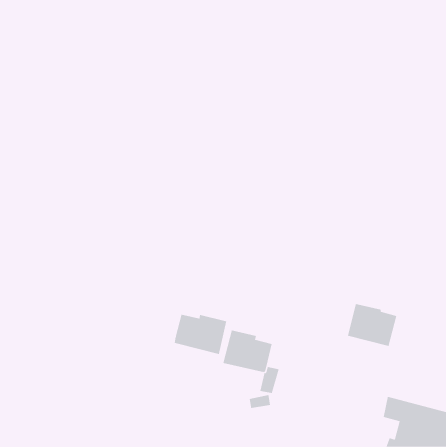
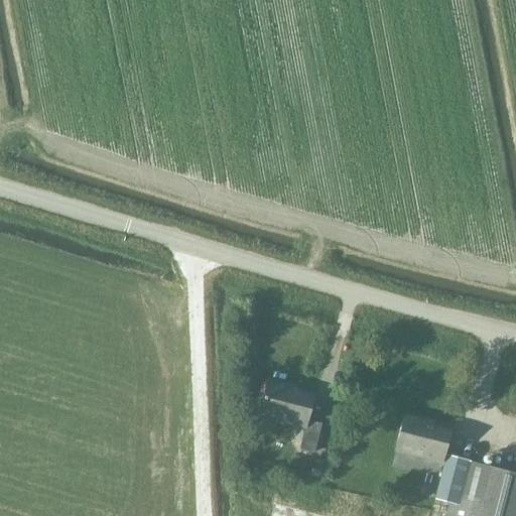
building: [347,304,397,346] -> [395,415,453,465]
building: [174,314,227,355] -> none

